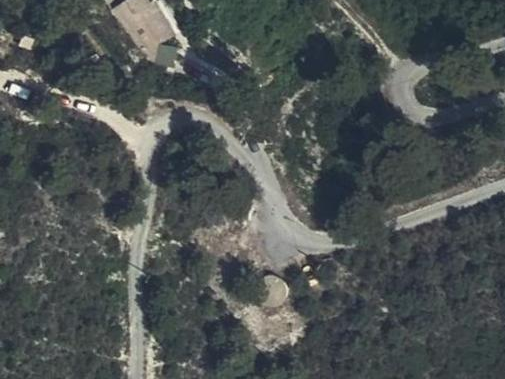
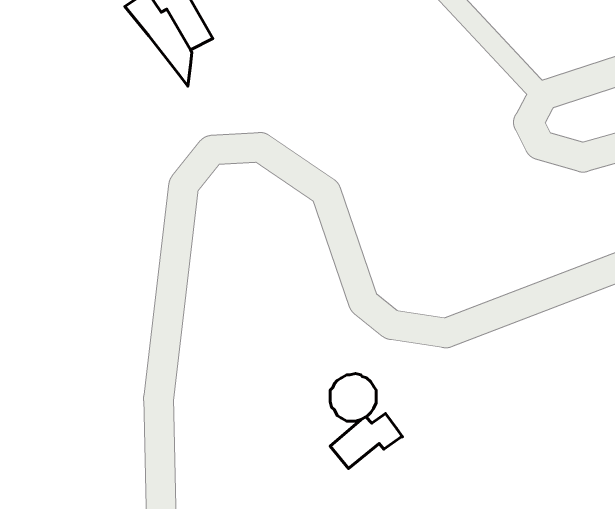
building: none -> [330,414,403,469]

